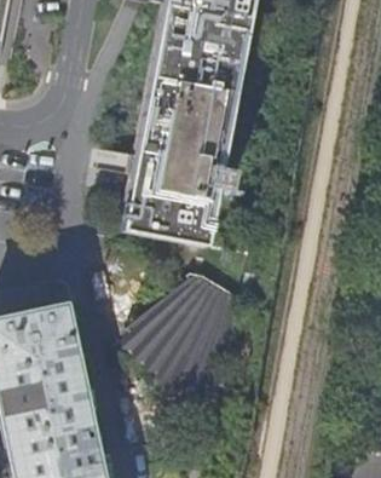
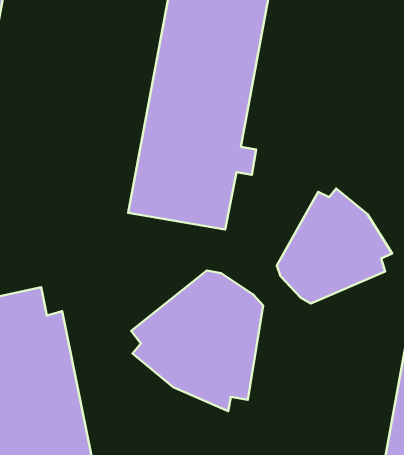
building: none -> [277,188,392,304]

